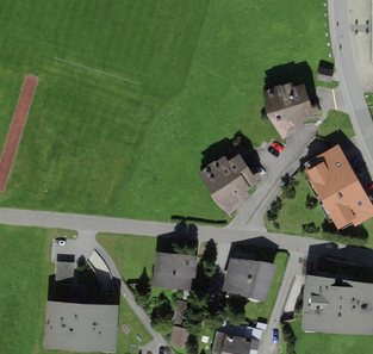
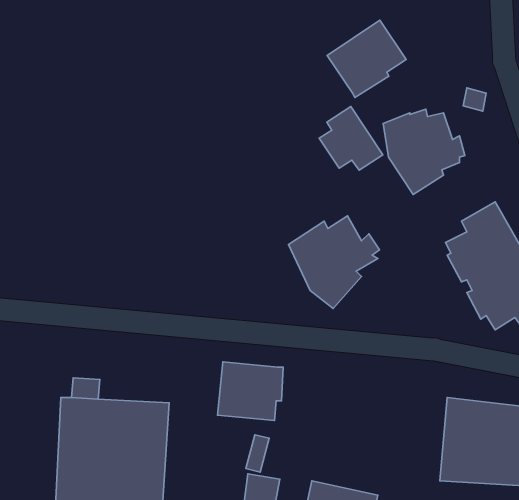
building: none -> [327,20,406,97]
building: none -> [319,106,383,170]
building: [222,257,278,302] -> none

